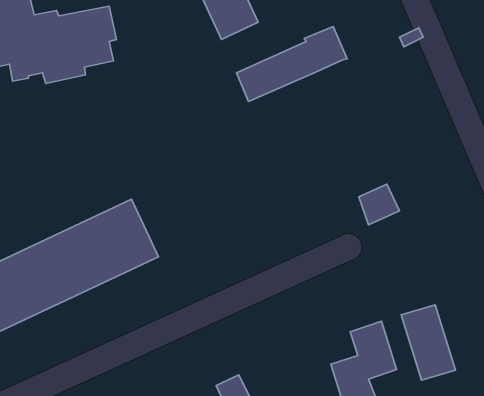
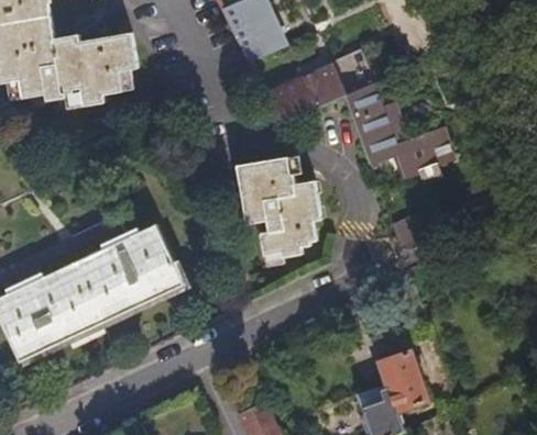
building: none -> [344,83,449,179]
building: none -> [241,154,322,266]
building: [401,305,456,380] -> none

